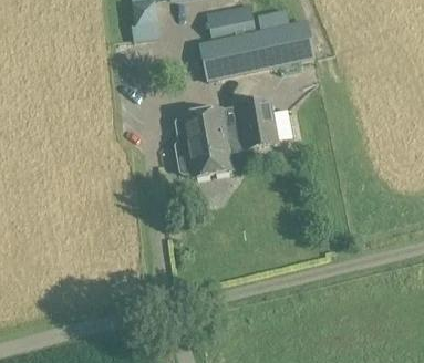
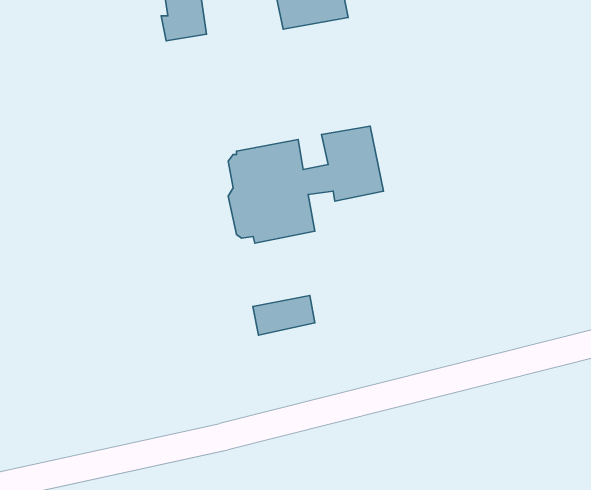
building: [201,21,314,80] -> none
building: none -> [253,295,315,335]

